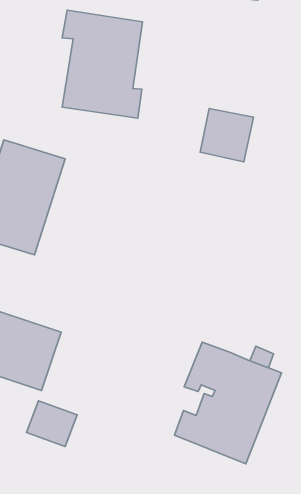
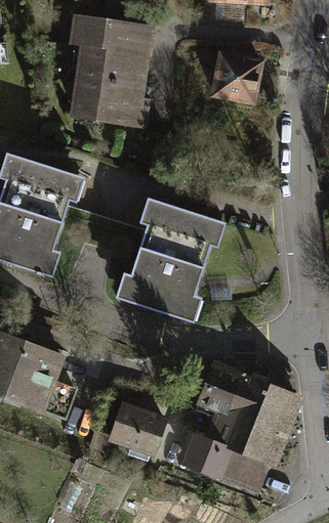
building: [200,108,254,162] -> [212,53,268,108]
building: none -> [124,200,219,318]
building: [27,401,77,447] -> [109,403,161,450]

